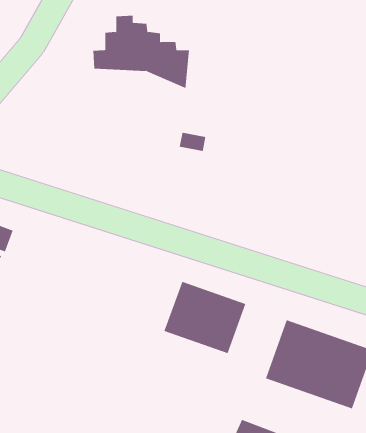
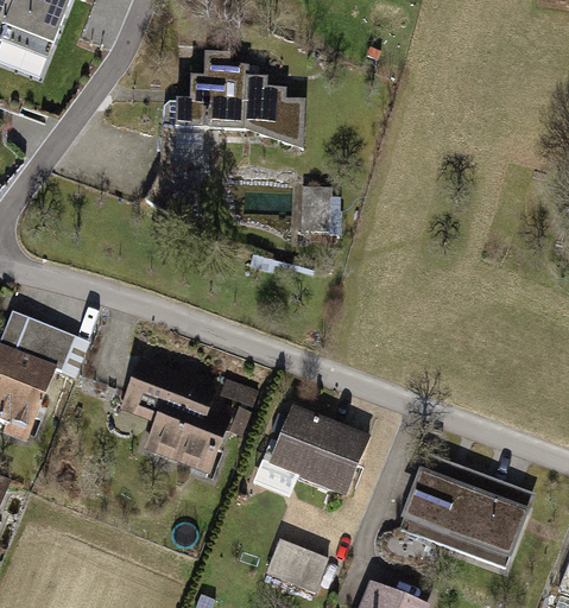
building: none -> [115,357,251,475]
building: none -> [259,538,324,595]

